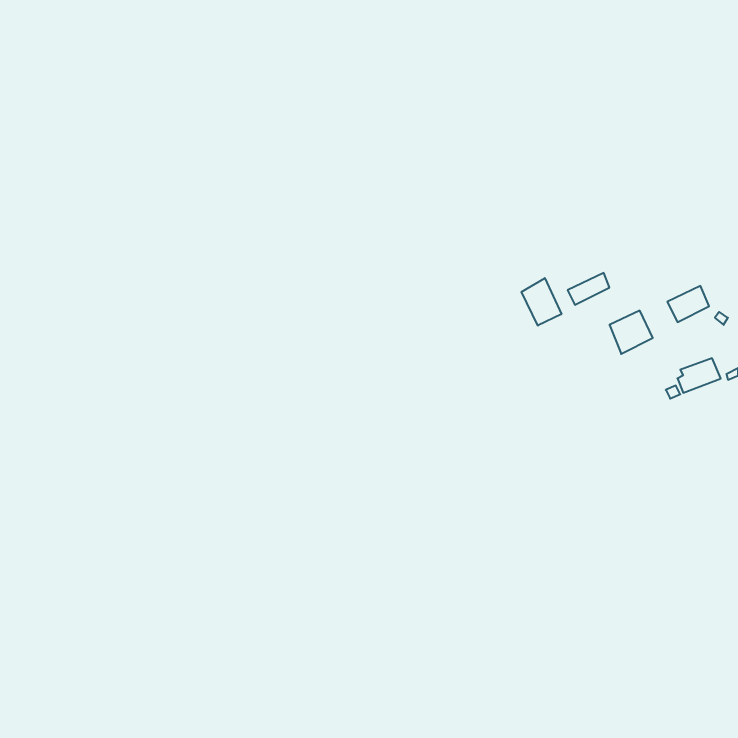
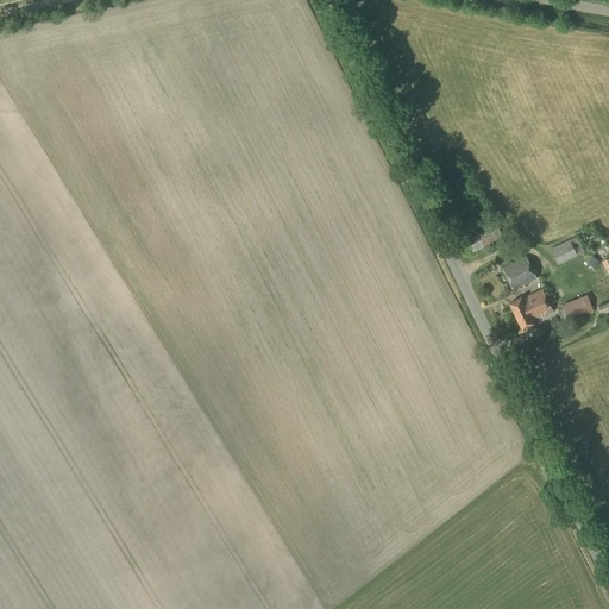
building: [522,278,561,326] -> none
building: none -> [509,289,553,329]

